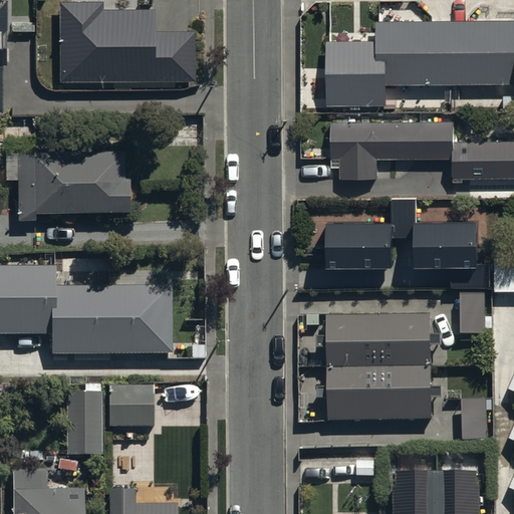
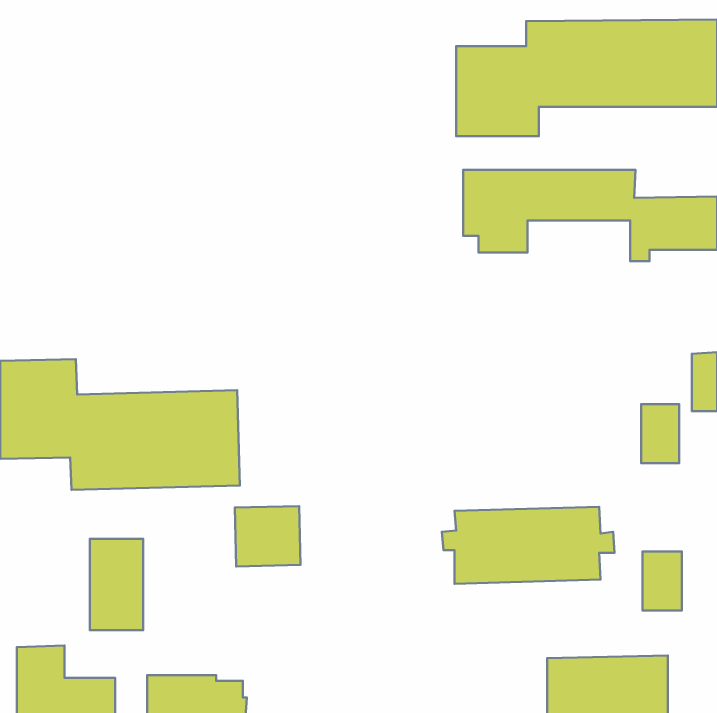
building: [63,14,198,90] -> none
building: [5,131,132,216] -> none
building: [325,203,490,290] -> none
building: [316,310,440,368] -> none
building: [105,382,153,426] -> [235,506,301,566]

